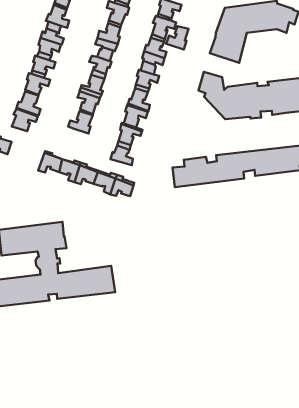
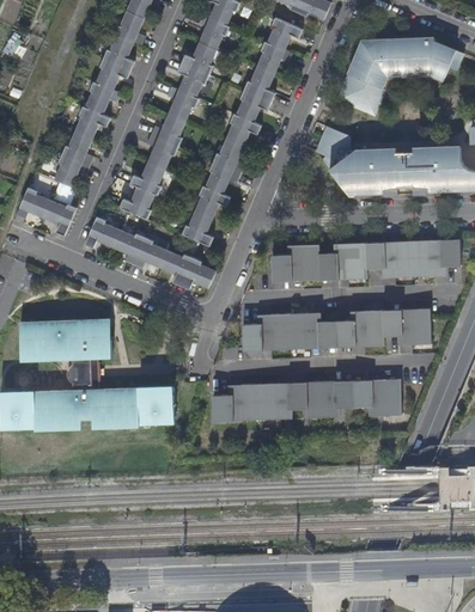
building: [166,26,188,50] -> none
building: none -> [120,190,153,221]
building: none -> [42,200,73,234]
building: none -> [242,307,431,354]
building: none -> [212,378,401,421]

